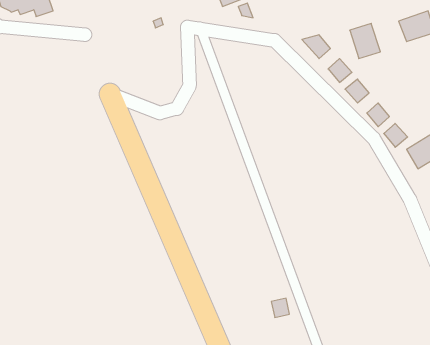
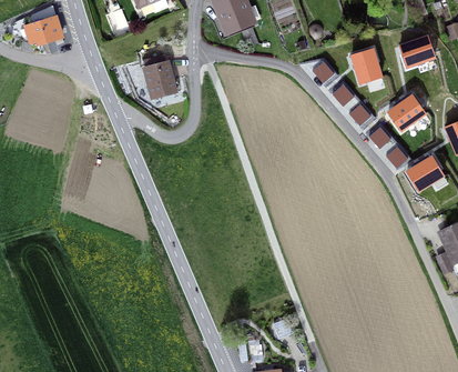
building: none -> [144,54,174,94]
building: none -> [388,94,425,129]

